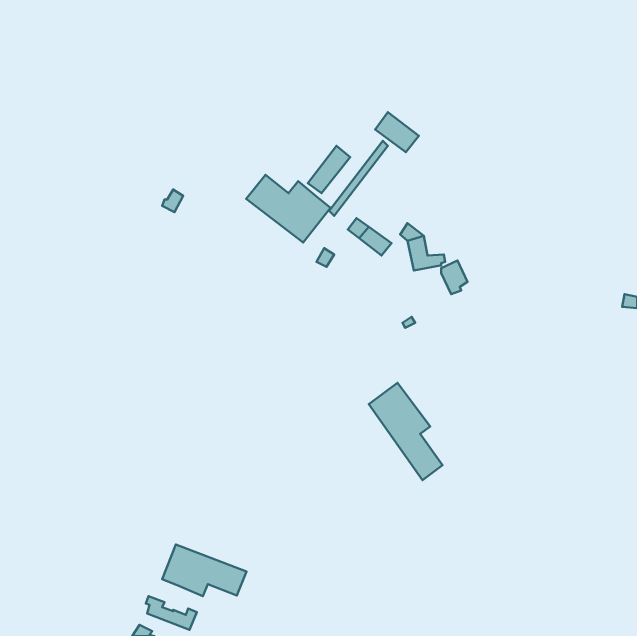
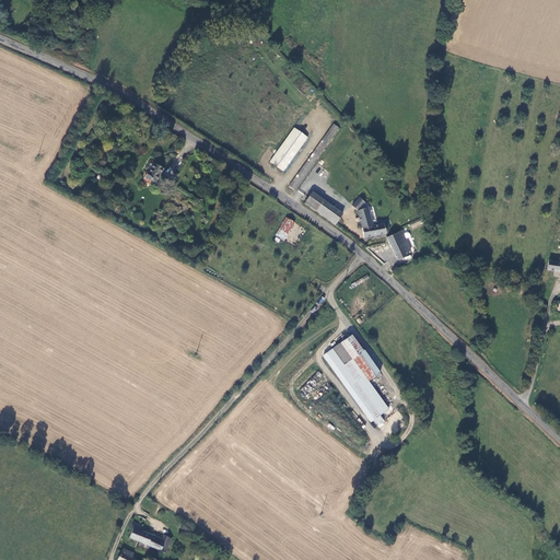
building: [375,112,419,152] -> none
building: [246,175,330,243] -> none
building: [162,545,247,596] -> none

